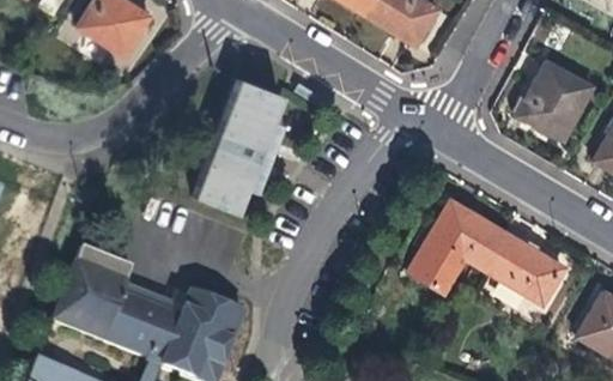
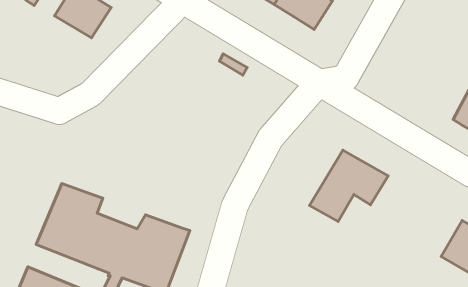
building: [515,61,590,141] -> none
building: [200,81,291,219] -> none
building: [484,234,563,304] -> none

